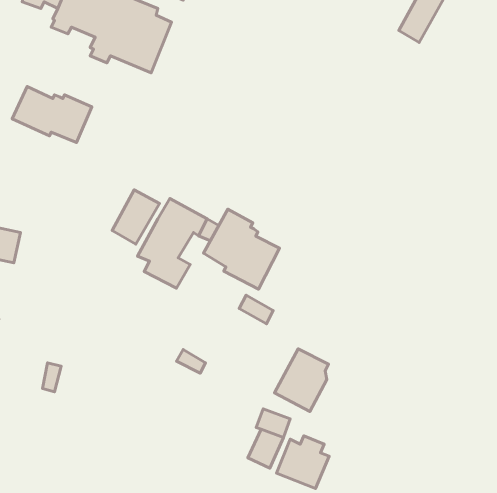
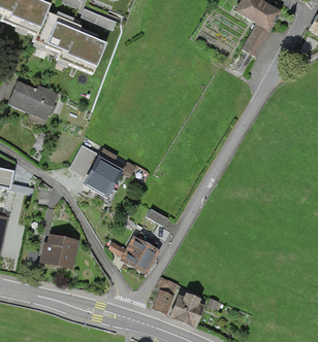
building: [204,209,280,289] -> none
building: none -> [44,237,74,265]
building: [274,349,329,412] -> [125,233,158,271]

